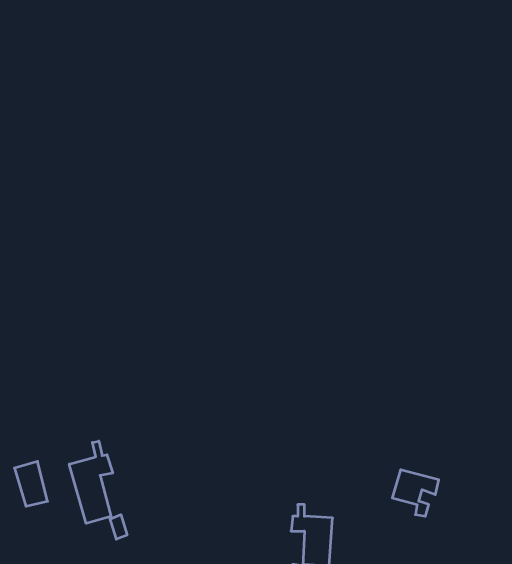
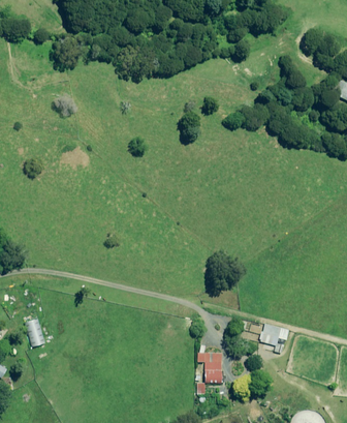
building: [69,441,127,539] -> none

